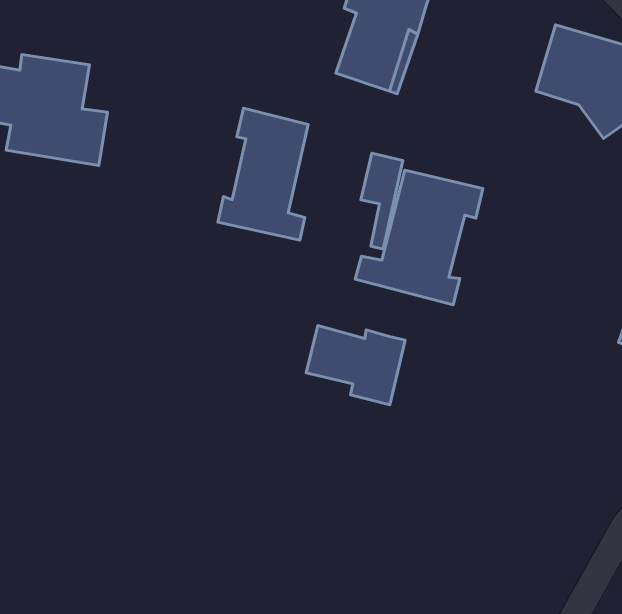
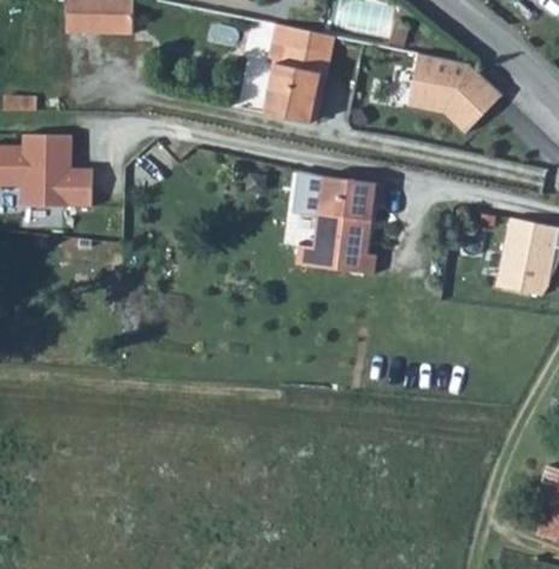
building: [218,108,308,240] -> none
building: [306,326,405,405] -> none

